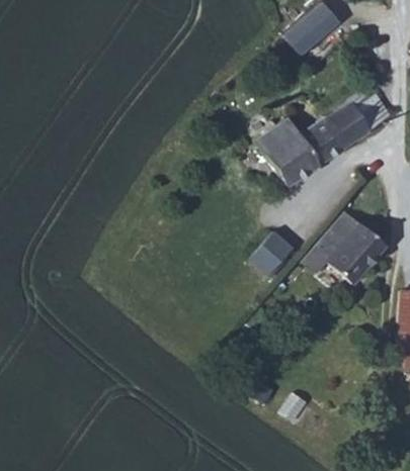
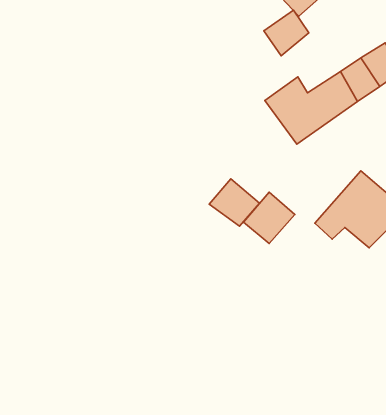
building: none -> [264,10,309,56]
building: none -> [209,179,260,226]

